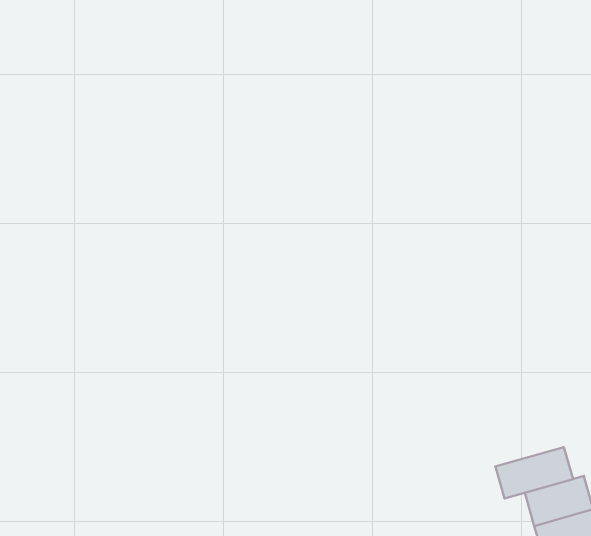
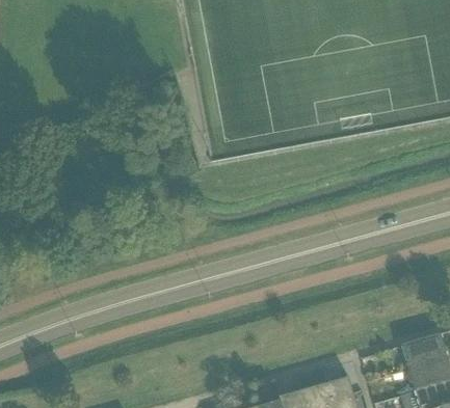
building: [495,447,573,498] -> none

